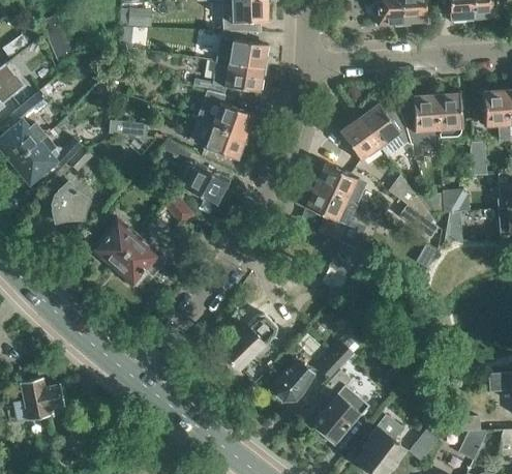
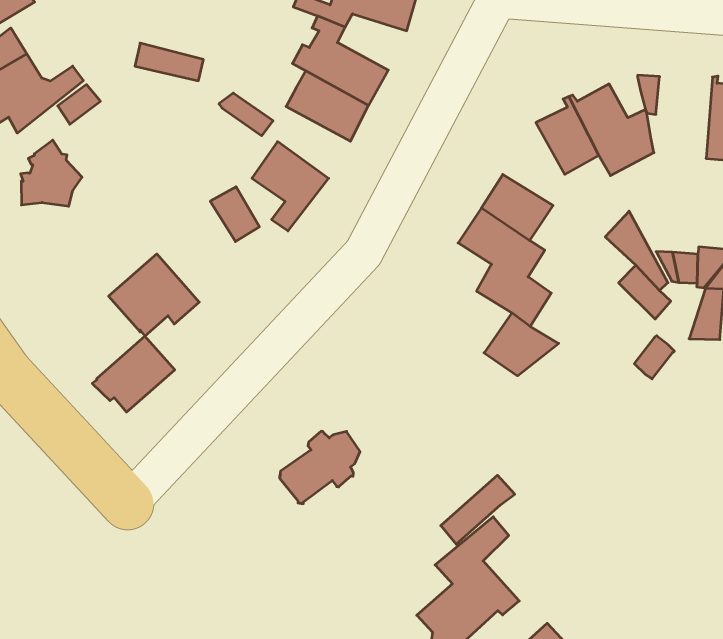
building: [413,92,440,144] -> none
building: [91,221,137,266] -> [92,336,175,412]
building: [275,361,314,401] -> none

